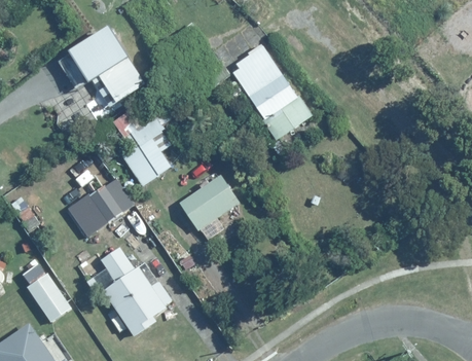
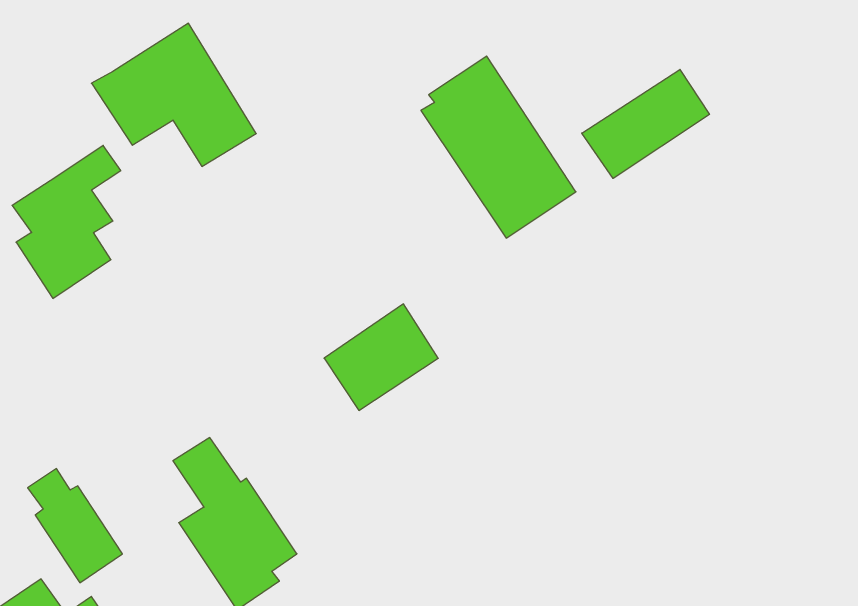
building: none -> [582,69,709,178]
building: [120,104,178,185] -> [12,145,121,298]
building: [68,183,124,230] -> none

